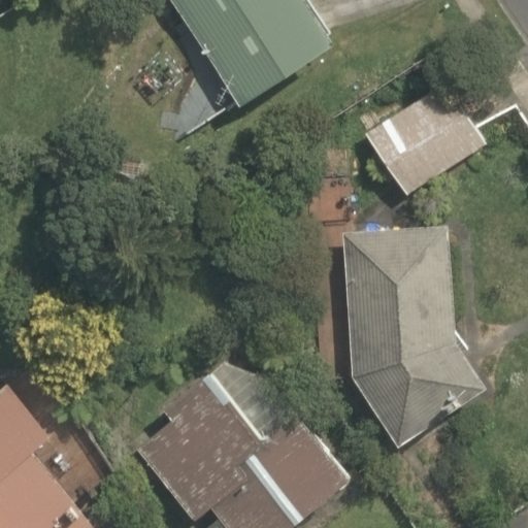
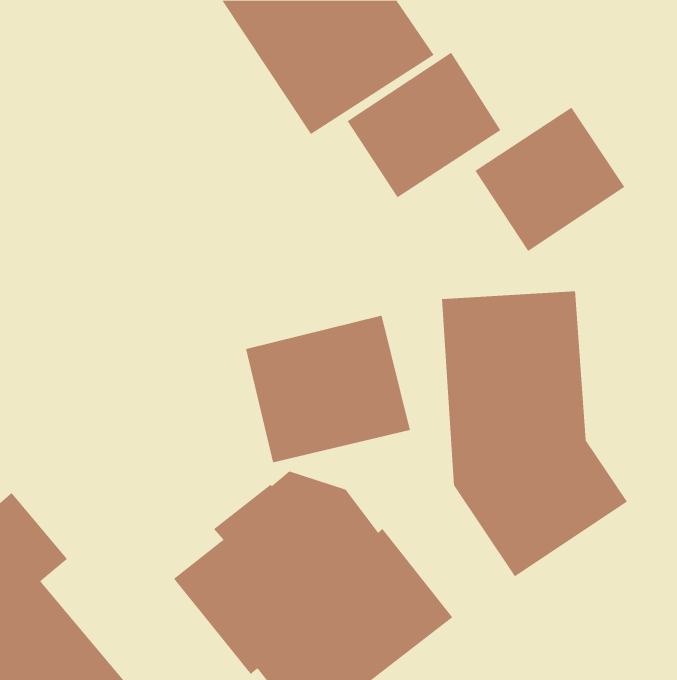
building: none -> [347,52,501,198]
building: none -> [245,315,411,463]

